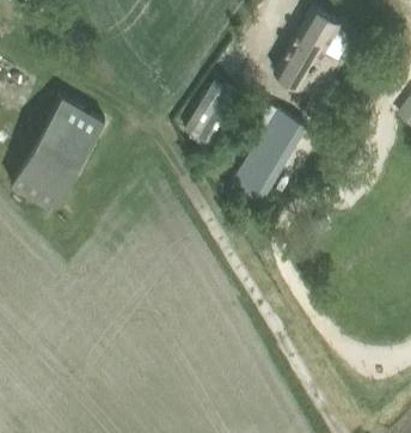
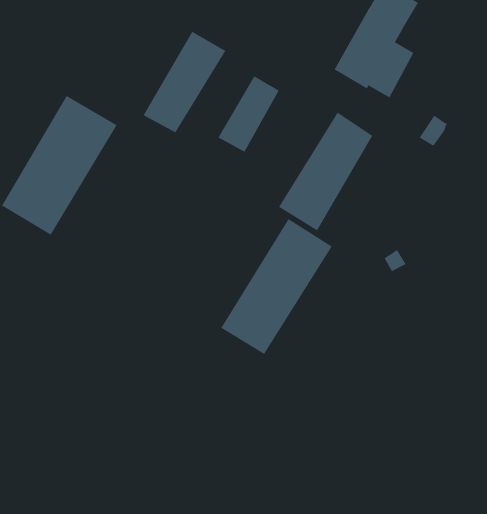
building: none -> [143,31,226,133]
building: none -> [221,218,332,355]

